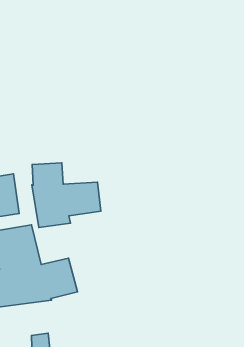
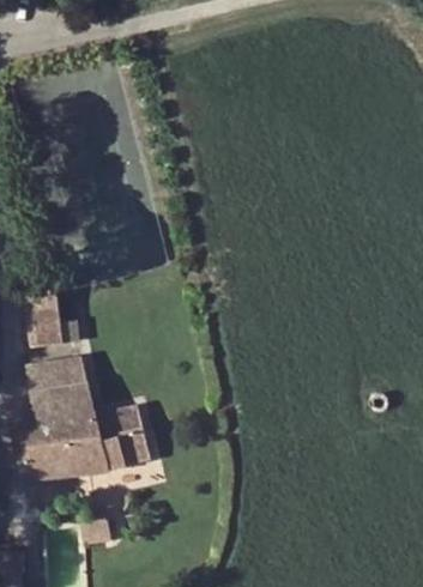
building: [32,163,101,228] -> none

